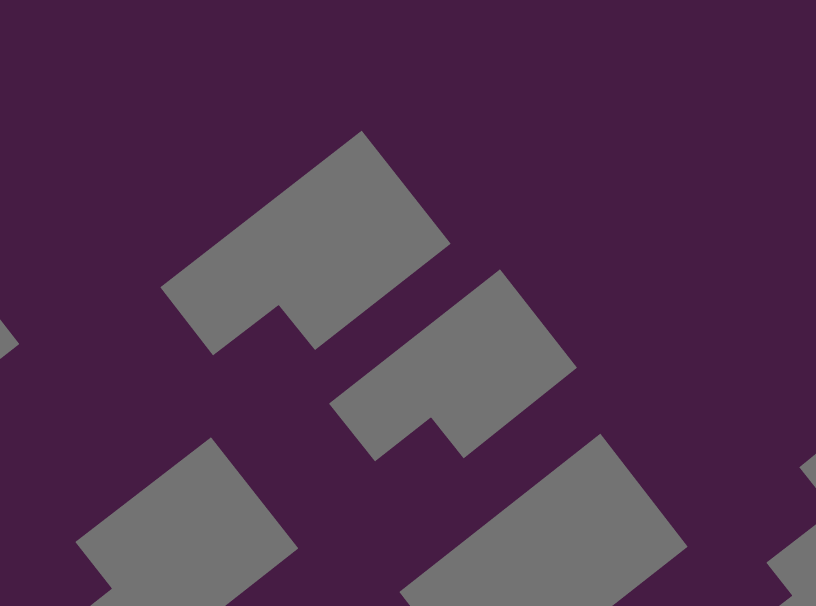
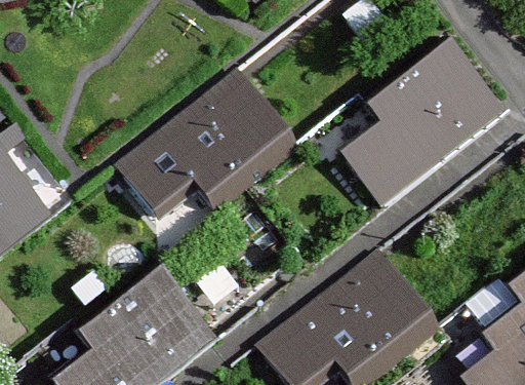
building: none -> [345,35,497,206]
building: [328,268,578,462] -> none

